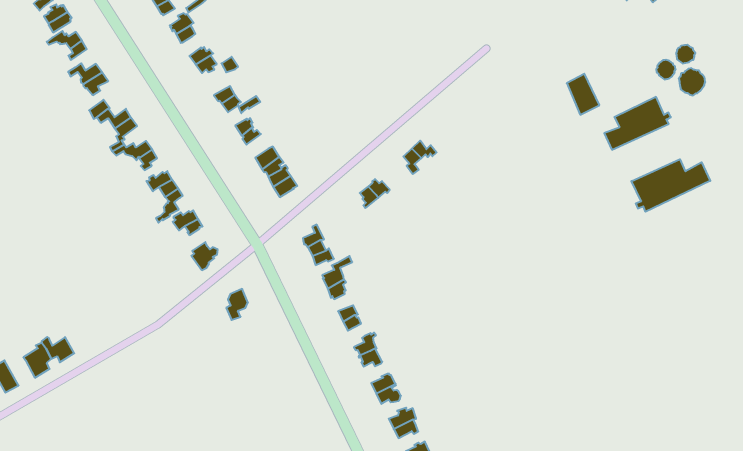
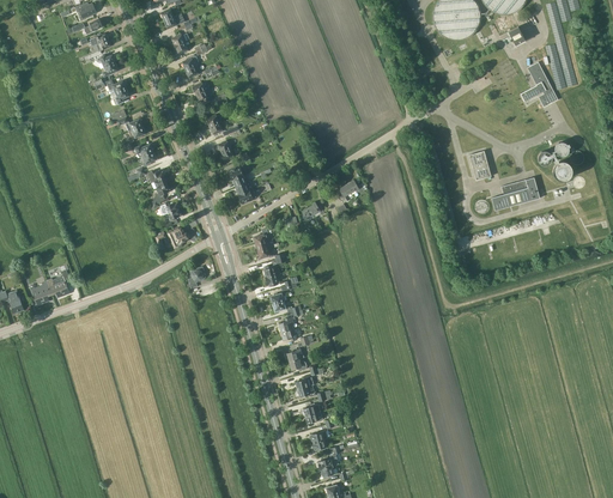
building: [631,159,710,212] -> none

